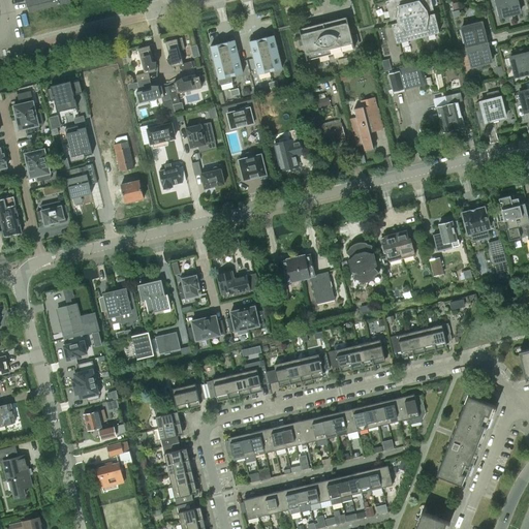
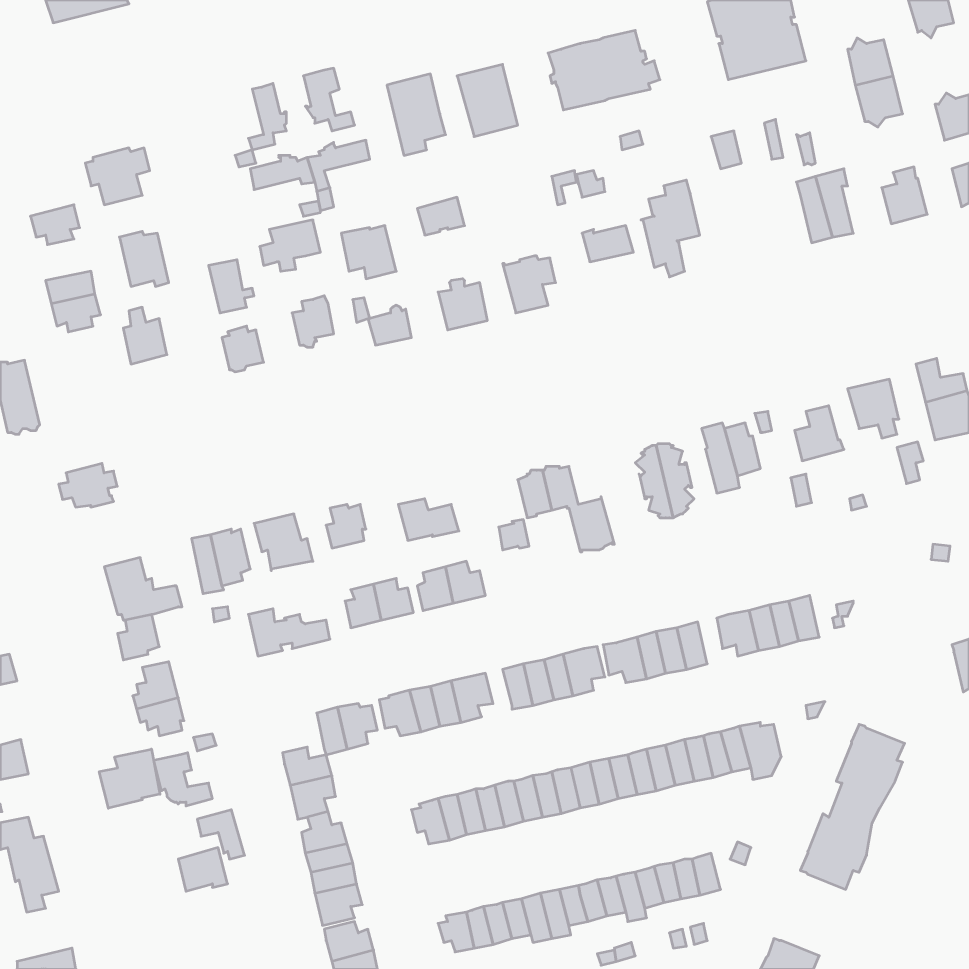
building: [13,91,36,118] -> none
building: [36,200,68,224] -> [59,463,117,507]
building: none -> [99,749,160,808]

